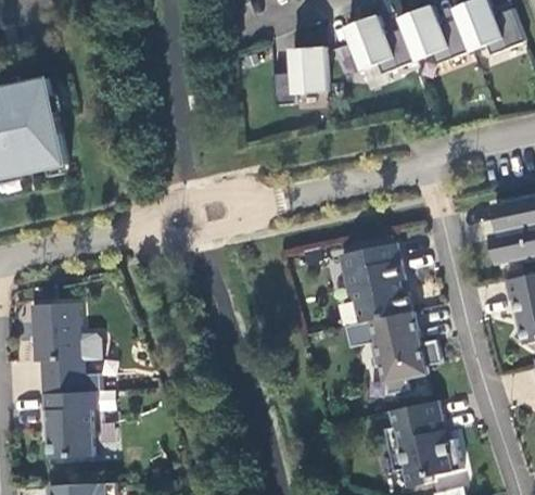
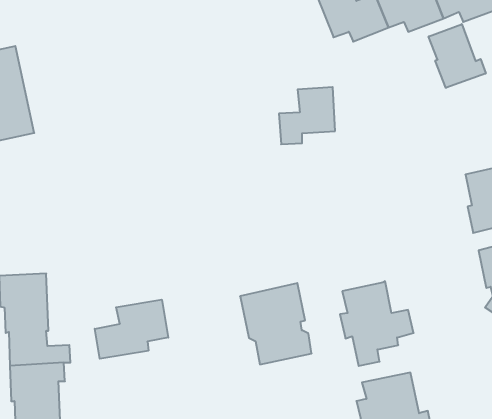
building: [272,48,328,104] -> [279,87,335,144]
building: none -> [429,24,486,88]
building: [341,242,411,322] -> [240,283,312,364]
building: none -> [95,300,168,359]

